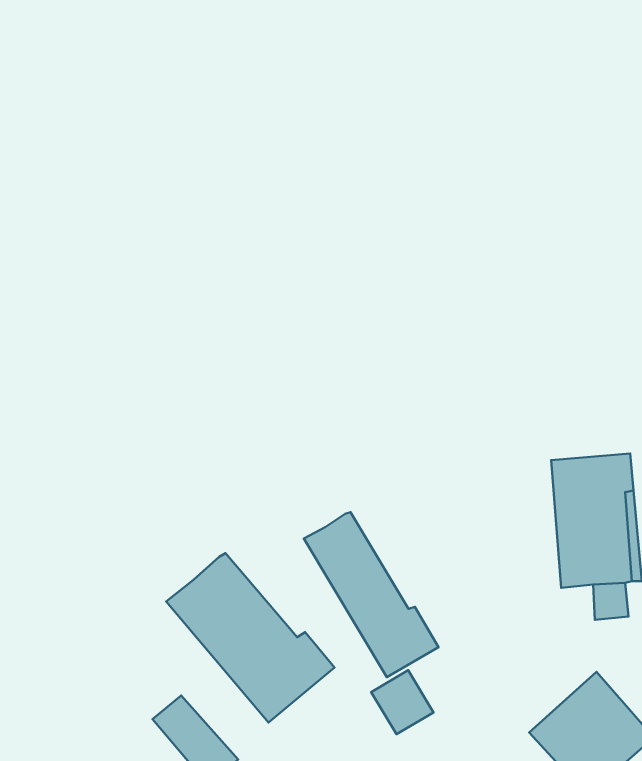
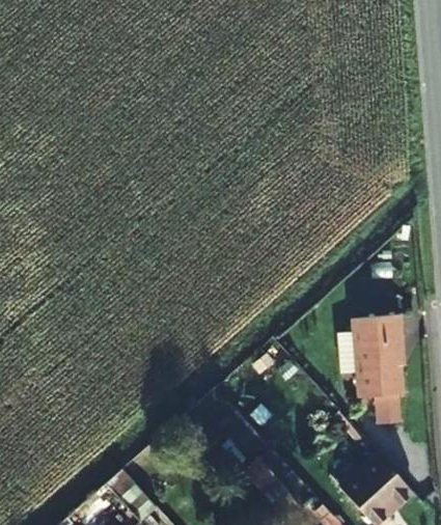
building: [304,512,439,677] -> none
building: [166,553,334,723] -> none

